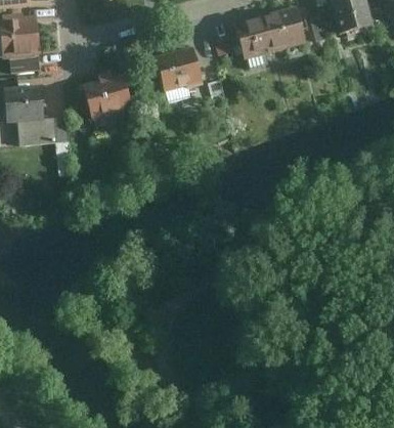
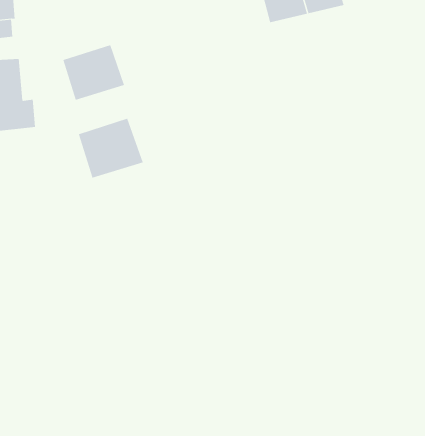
building: [155,47,201,92] -> none
building: none -> [78,118,144,178]

